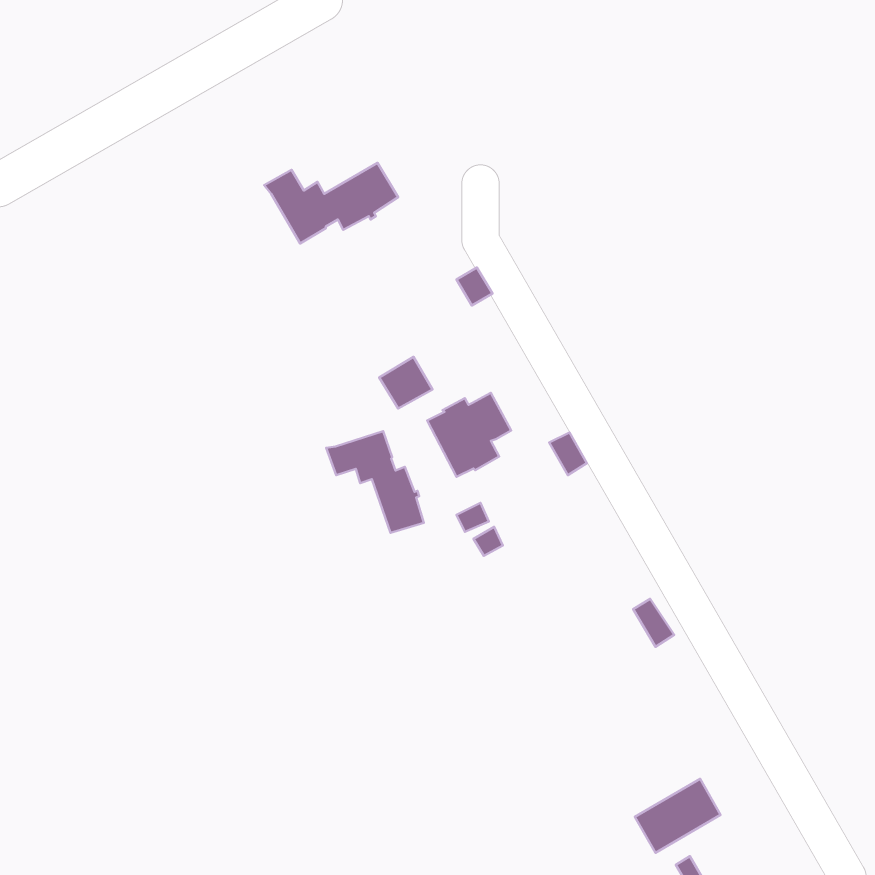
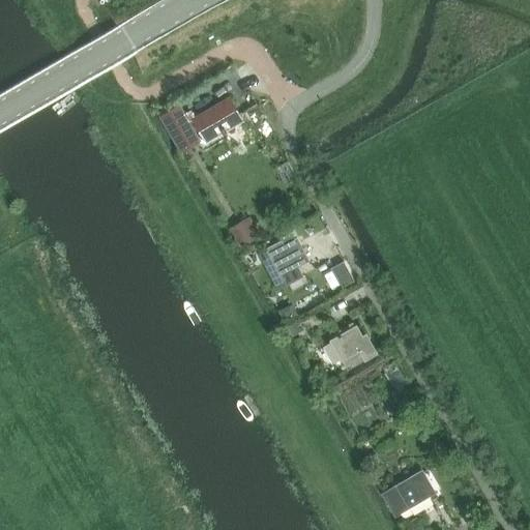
building: [326,431,424,533] -> none
building: none -> [323,327,377,371]

